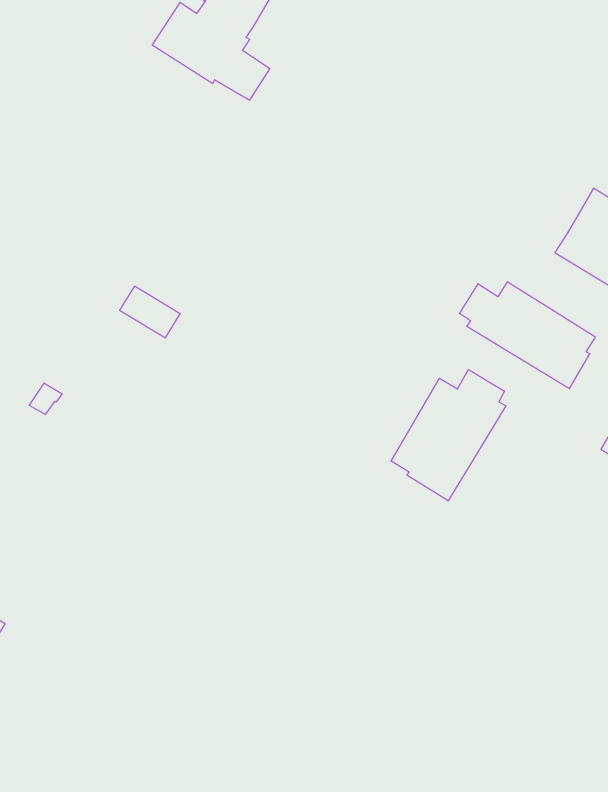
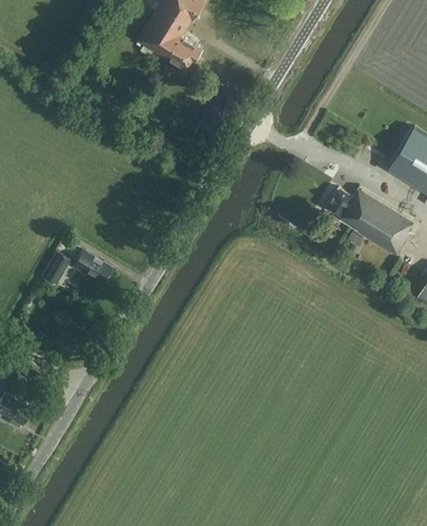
building: [120,286,180,338] -> [72,250,111,283]
building: [391,370,506,501] -> none

